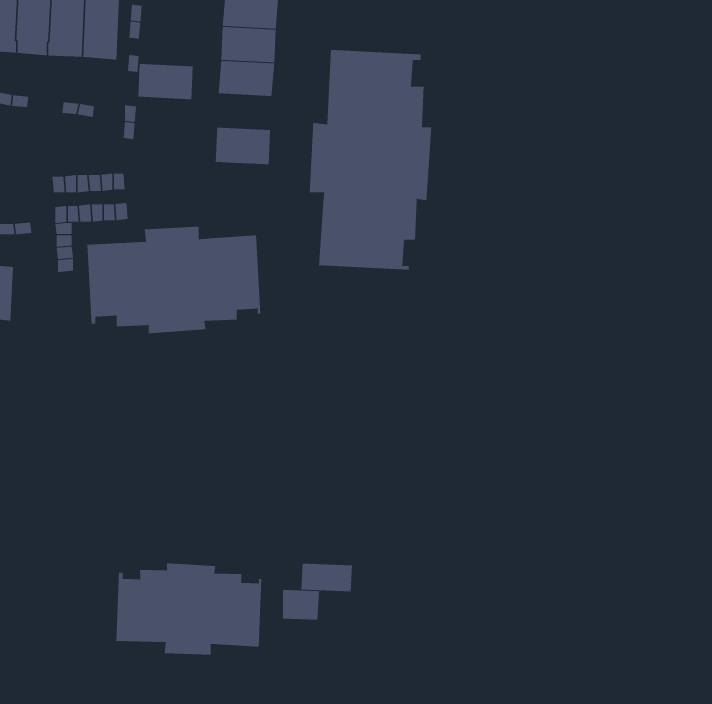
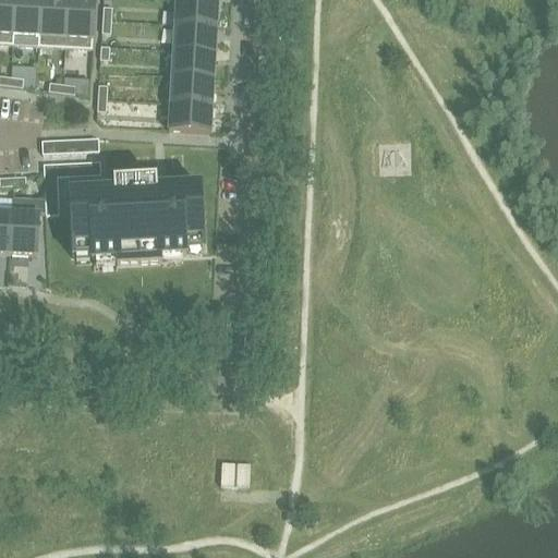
building: [309,49,432,271] -> none
building: [138,63,193,100] -> [169,73,213,101]
building: none -> [9,208,38,252]
building: [116,563,262,656] -> none
building: [301,563,353,592] -> none

